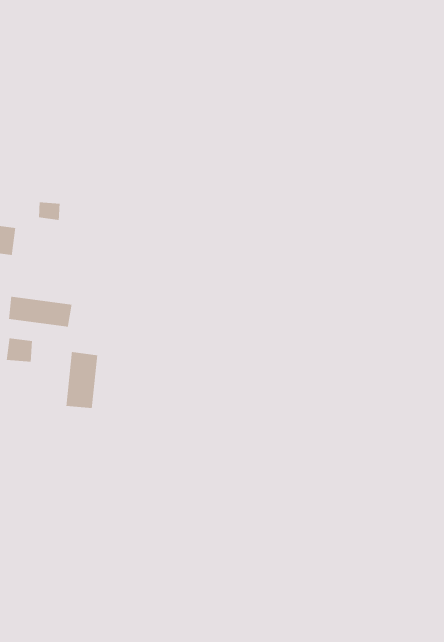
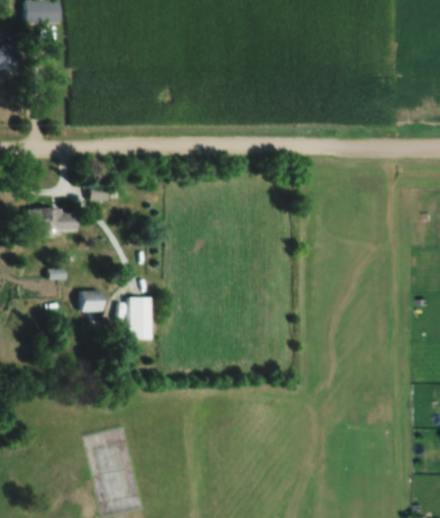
building: [8,296,72,328] -> none

